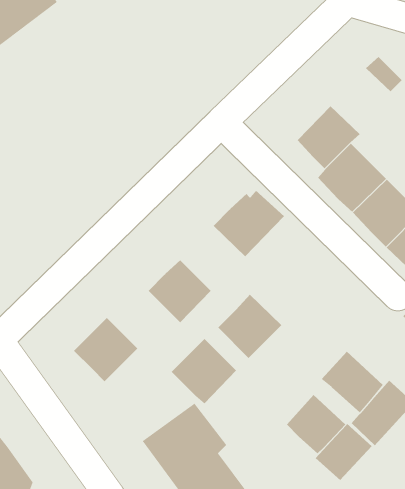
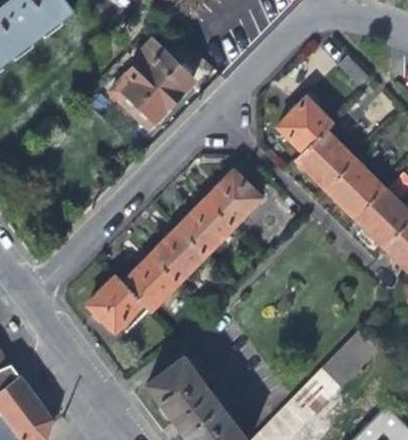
building: none -> [110,44,193,128]
building: [217,294,282,359] -> [179,201,234,256]
building: [171,338,237,404] -> [123,256,179,312]
building: [321,351,384,413] -> none
building: [286,394,346,454] -> none

